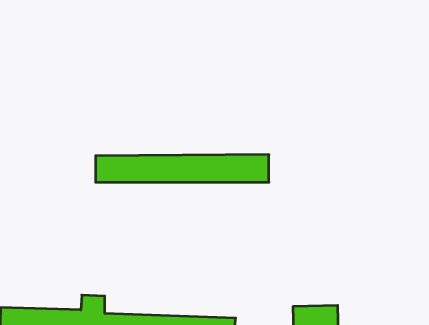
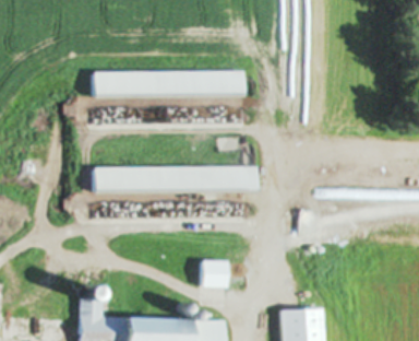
building: none -> [93,70,244,96]
building: none -> [202,260,228,287]

